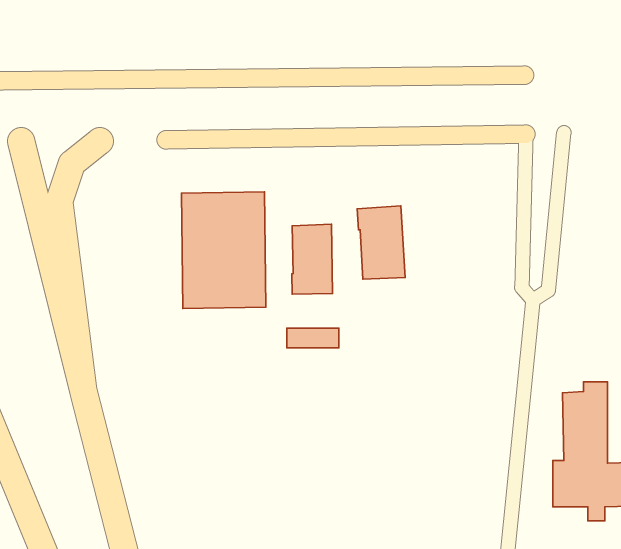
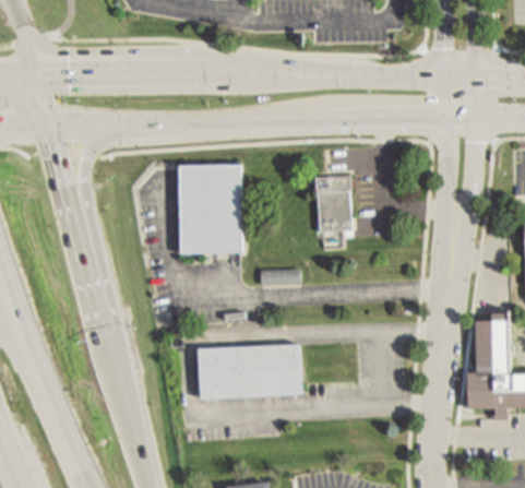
building: [292,224,333,294] -> none
building: none -> [198,344,302,398]

